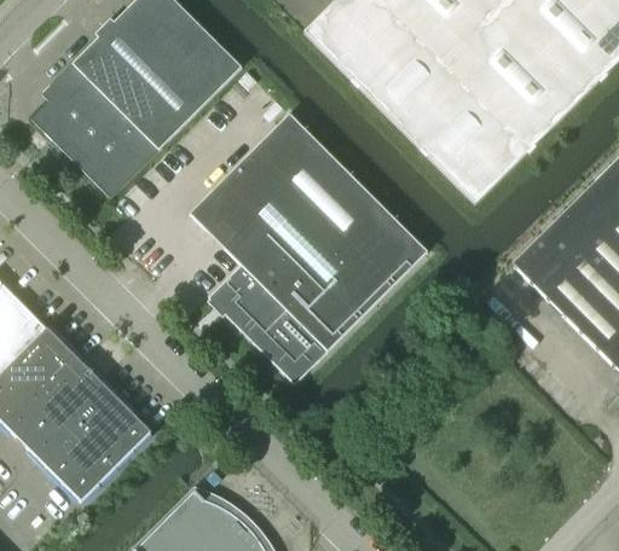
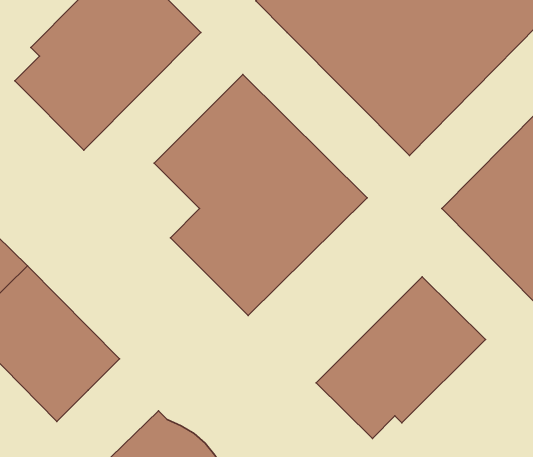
building: none -> [316,277,486,438]

